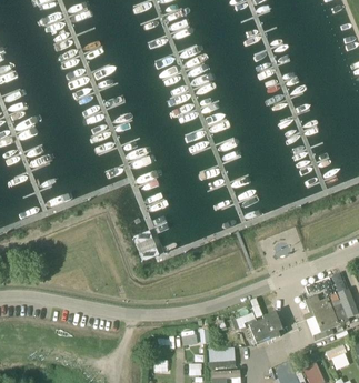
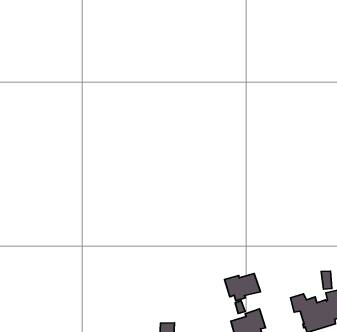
building: none -> [224,273,260,301]

